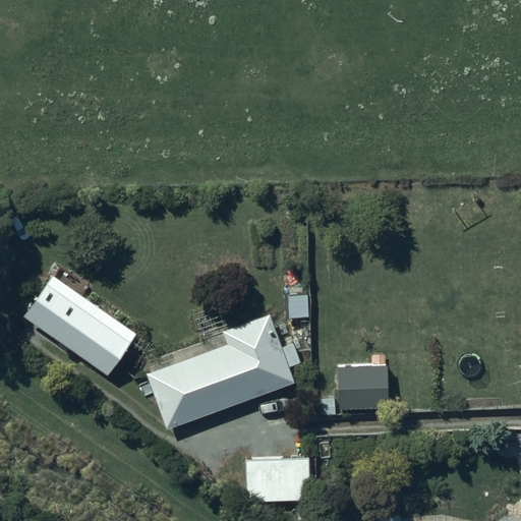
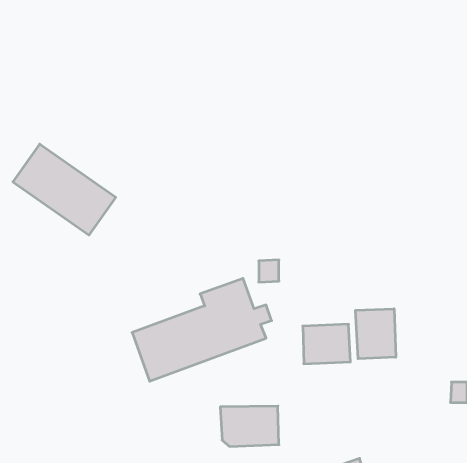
building: [22,275,136,375] -> [13,144,116,235]
building: none -> [356,309,396,359]

